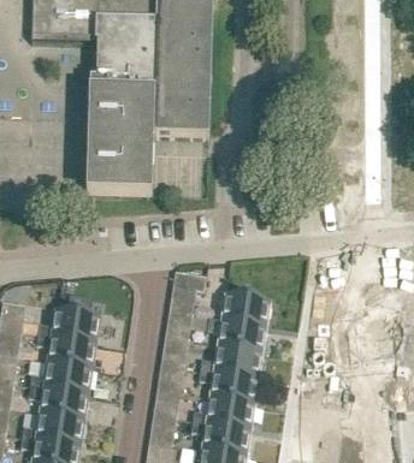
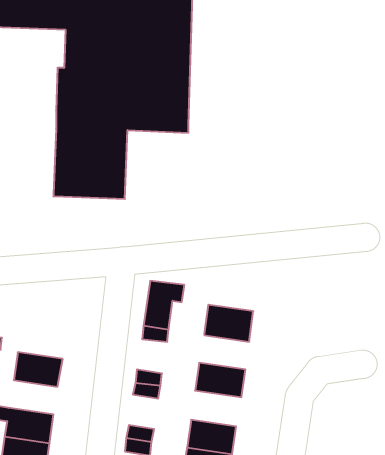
building: [54,302,99,336] -> none
building: [208,310,265,345] -> none
building: [46,355,90,386] -> none
building: [212,364,258,397] -> none

